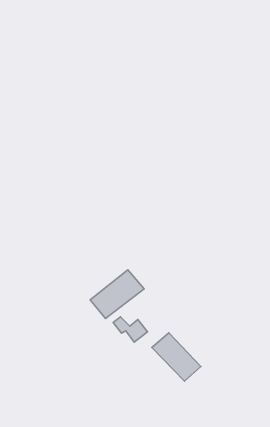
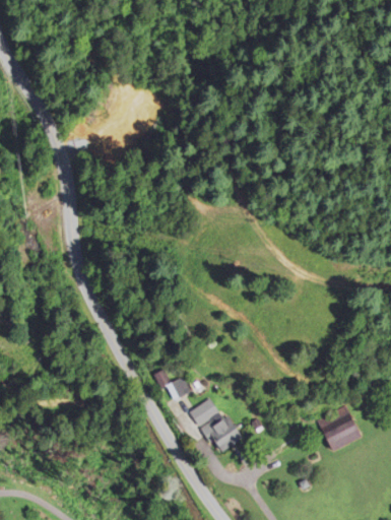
building: [90,270,144,319] -> none

